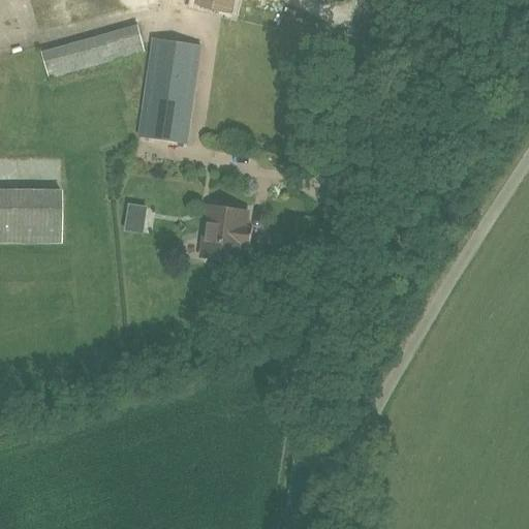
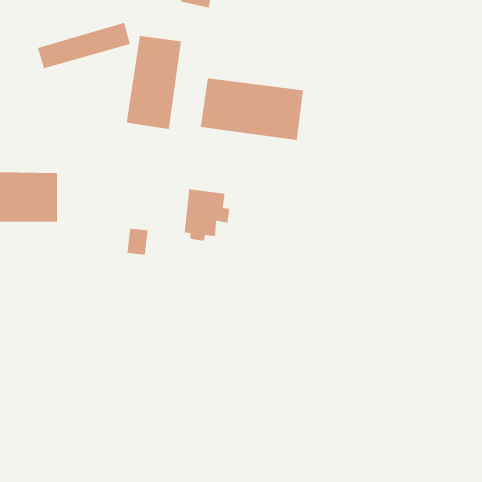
building: none -> [200,78,304,141]
building: [124,201,148,231] -> [127,228,148,255]

